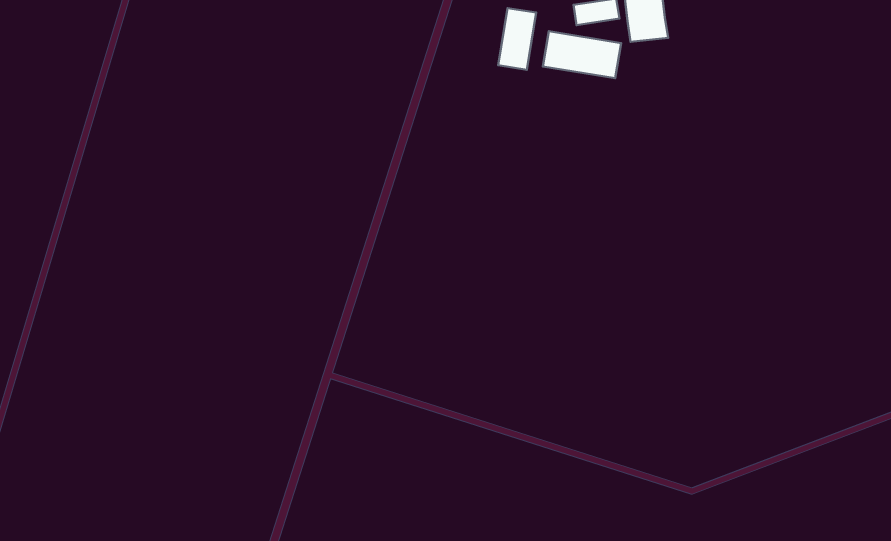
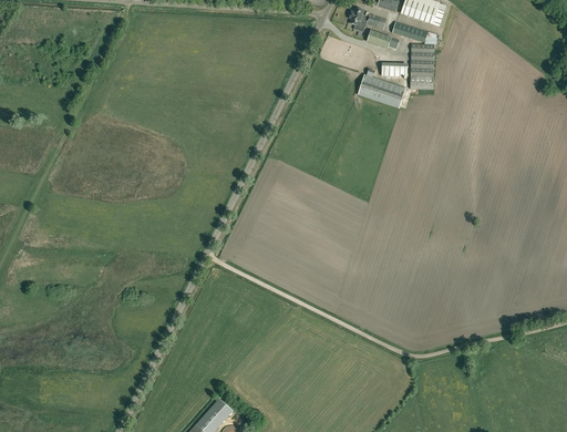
building: [498,8,536,70] -> none

